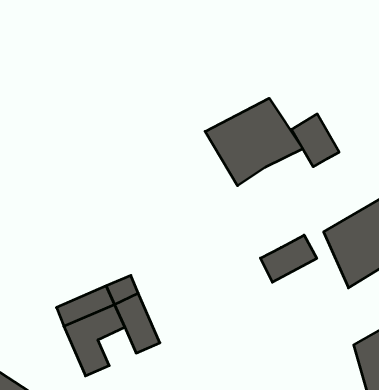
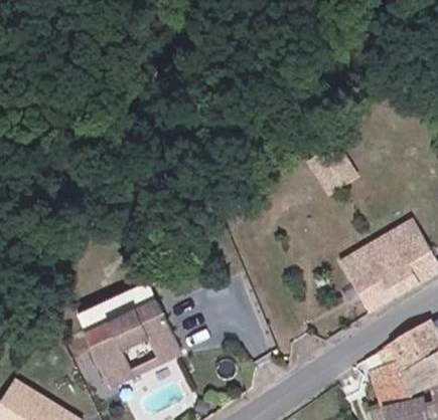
building: [205,98,303,186] -> none
building: [260,235,317,282] -> none

